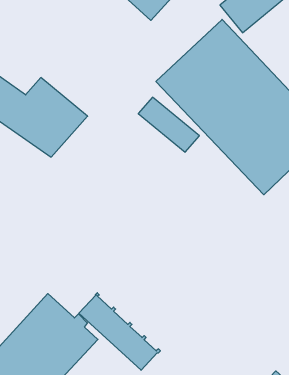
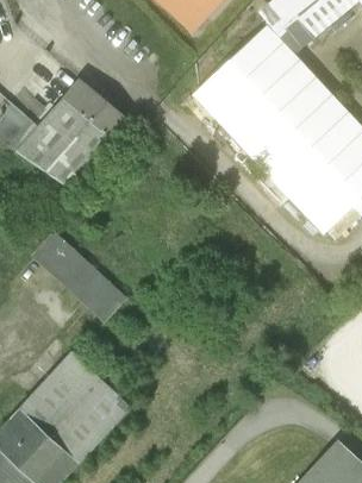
building: [138,97,199,152] -> [63,80,135,144]
building: [79,293,160,370] -> [33,230,129,320]

